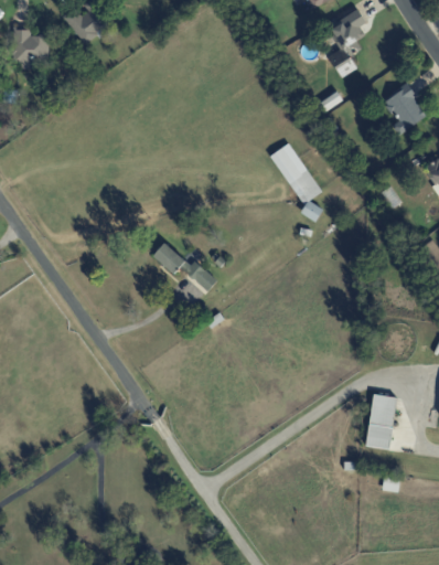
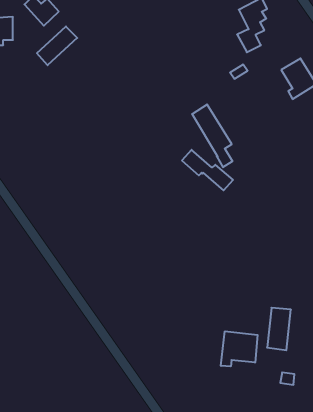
building: none -> [37,26,77,65]
building: [151,242,215,292] -> [182,150,233,190]
building: none -> [221,331,258,366]

